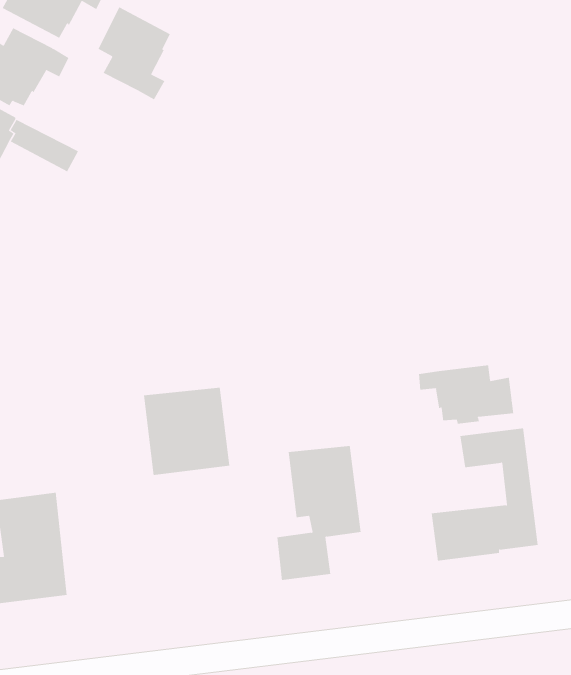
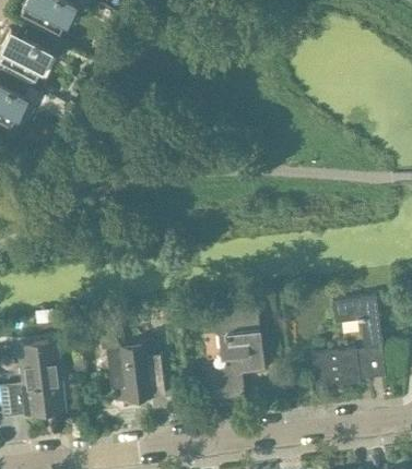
building: [98,7,171,100] -> none
building: [418,365,514,425] -> none
building: [143,387,230,476] -> [106,344,165,404]

